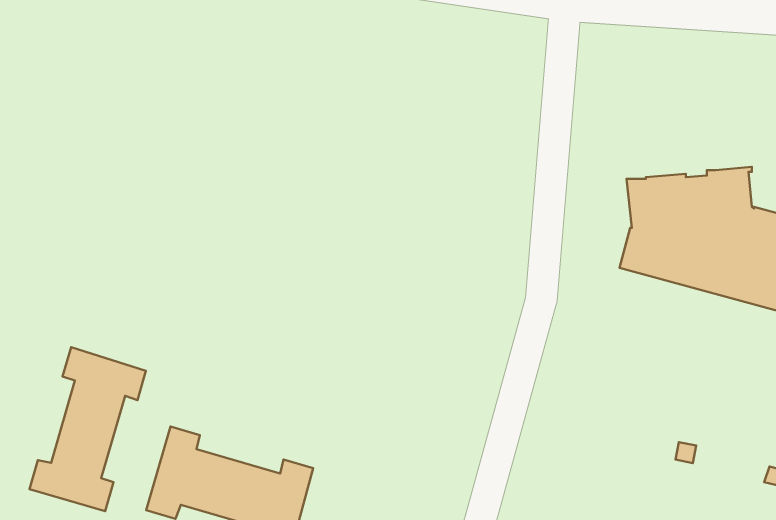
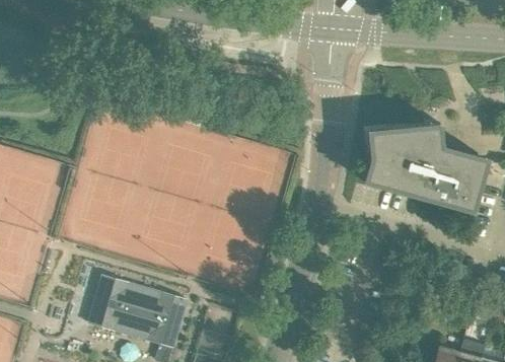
building: [29,347,146,511] -> none

